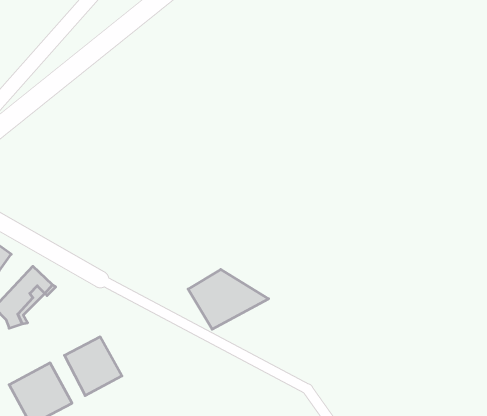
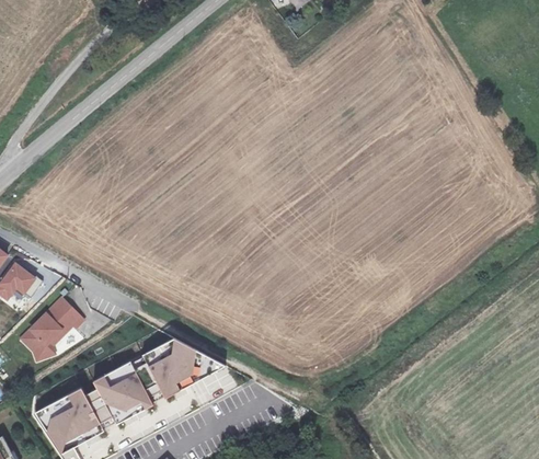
building: [188,269,269,329] -> [141,337,222,398]

